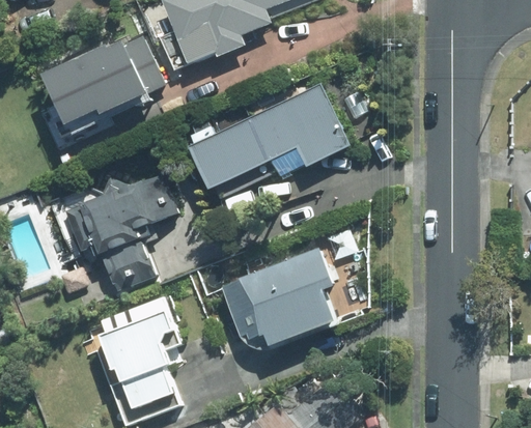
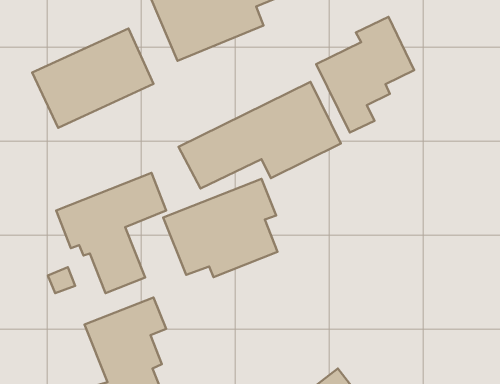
building: none -> [316,17,414,133]
building: [221,249,334,346] -> [163,179,277,277]

